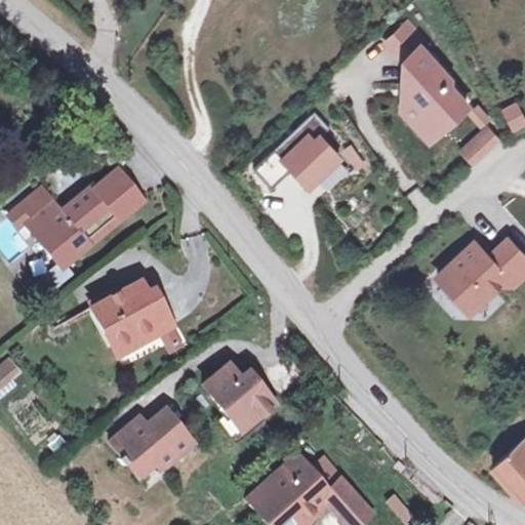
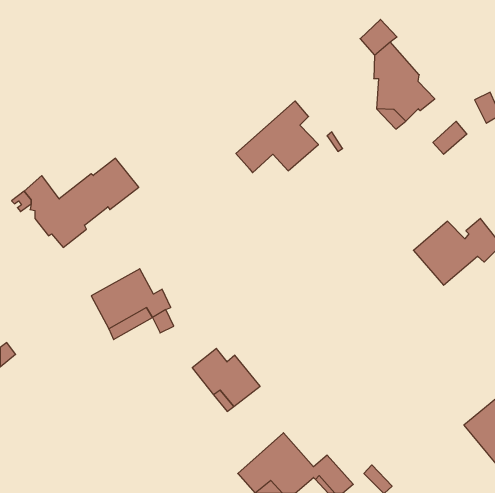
building: [111,413,195,480] -> none

